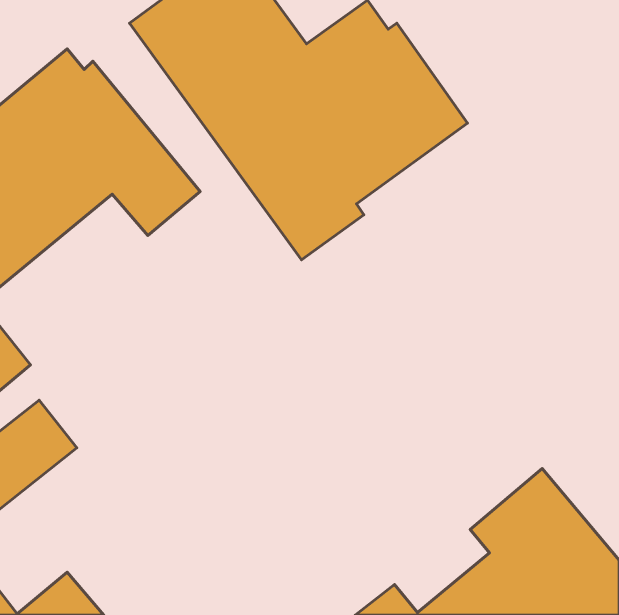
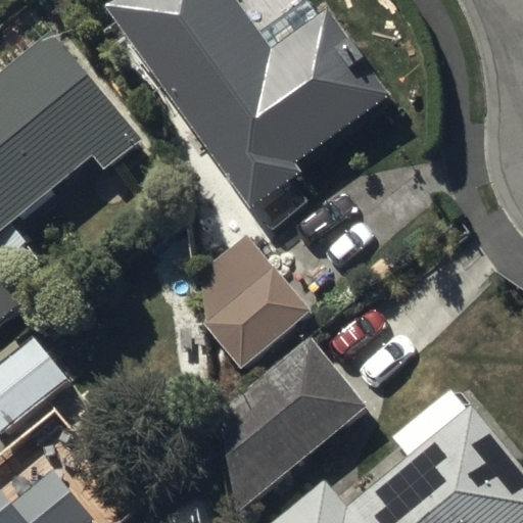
building: none -> [203,243,312,374]
building: none -> [188,334,363,498]

